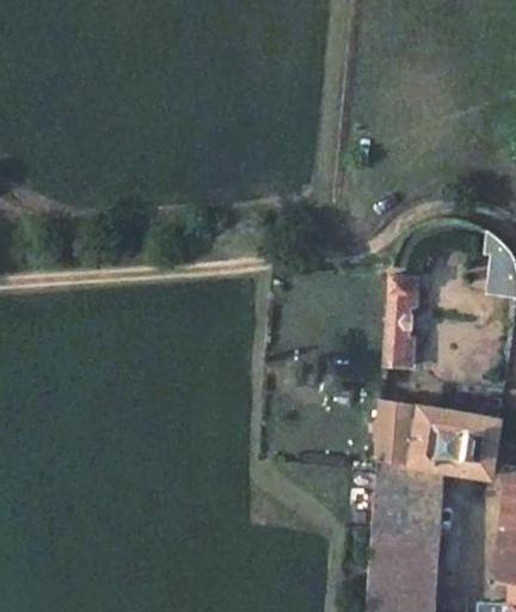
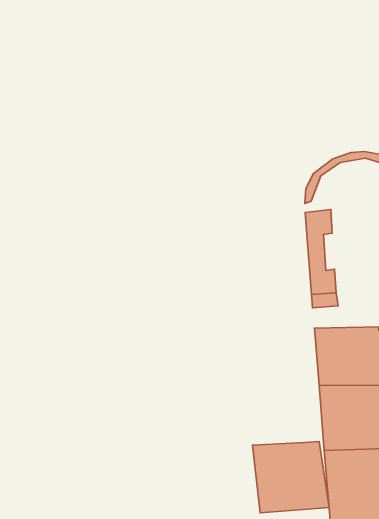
building: none -> [252,441,329,513]

